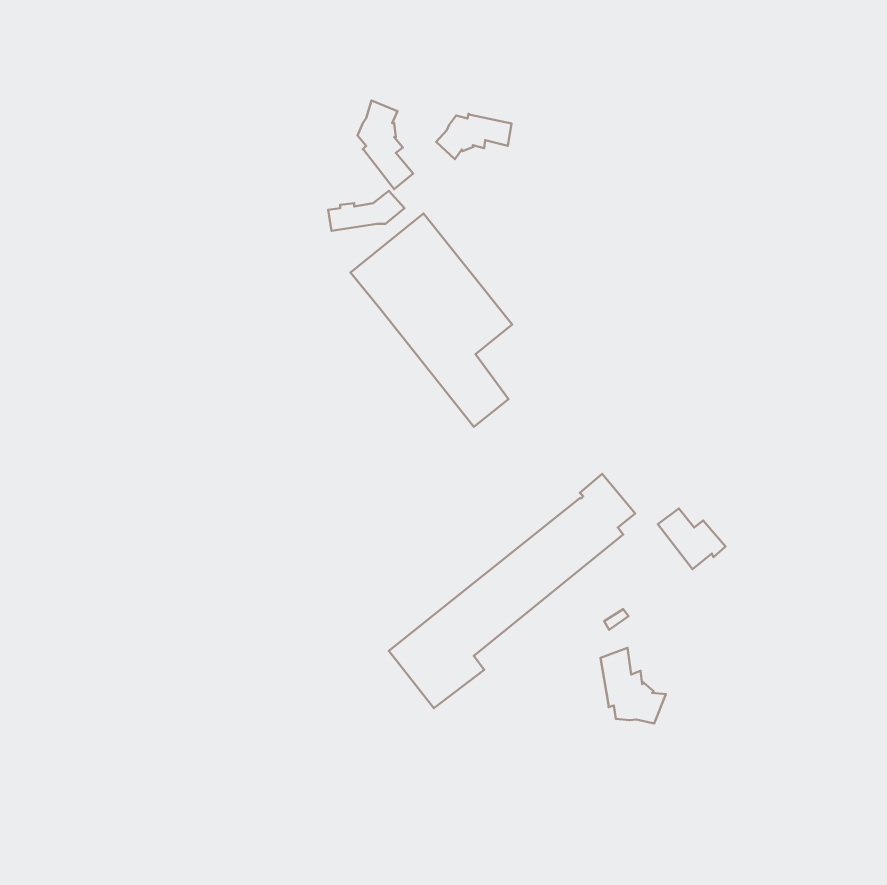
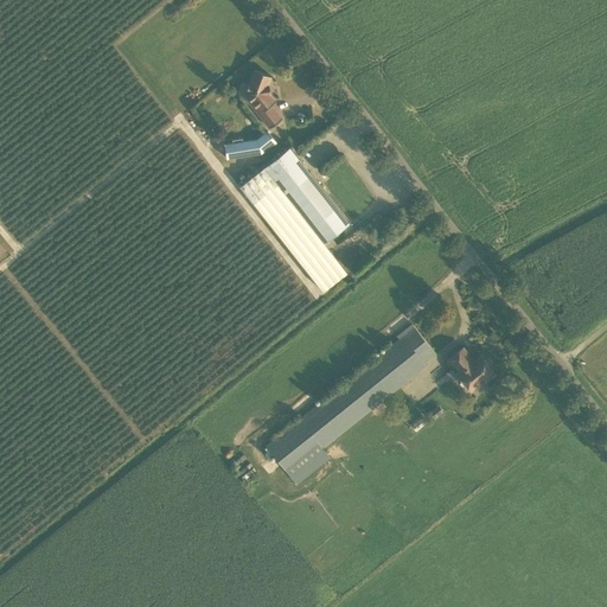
building: [436,114,511,159] -> none
building: [600,648,666,724] -> none

